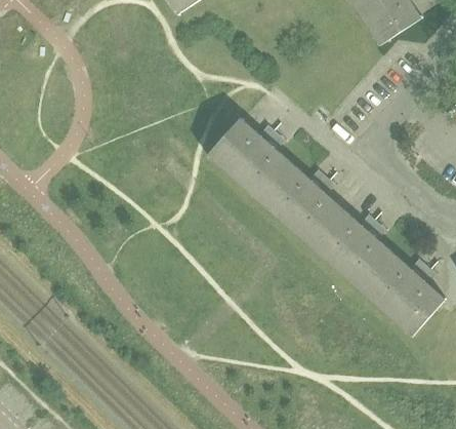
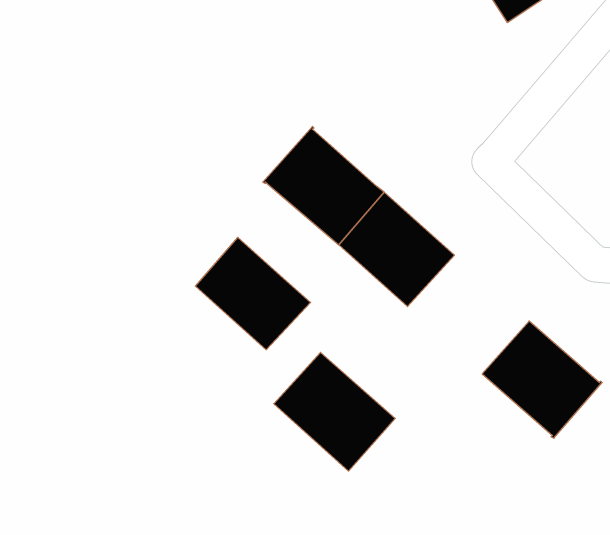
building: none -> [195,237,311,350]
building: [307,205,392,288] -> [274,352,395,471]

